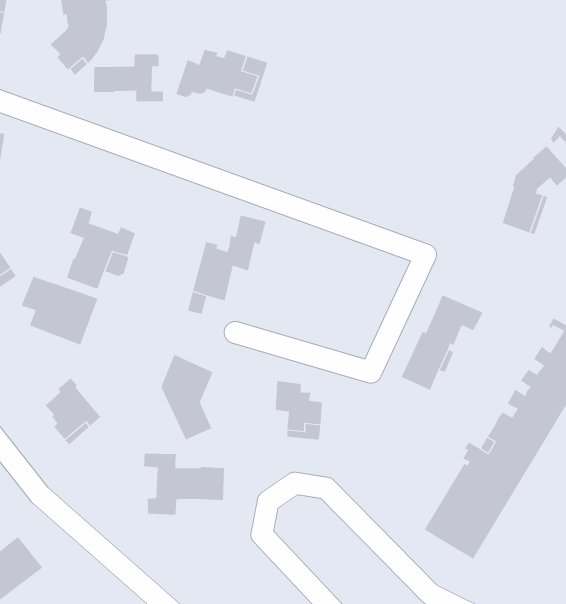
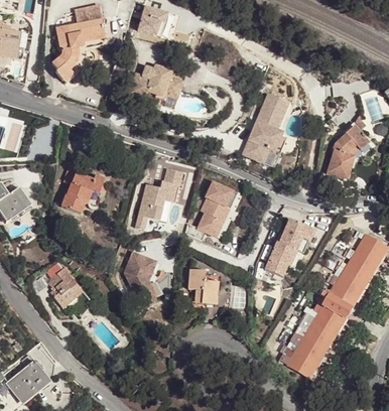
building: [94,53,164,102] -> none
building: none -> [244,94,287,167]
building: none -> [185,180,237,239]
building: [21,276,98,346] -> none
building: [144,453,225,515] -> none

